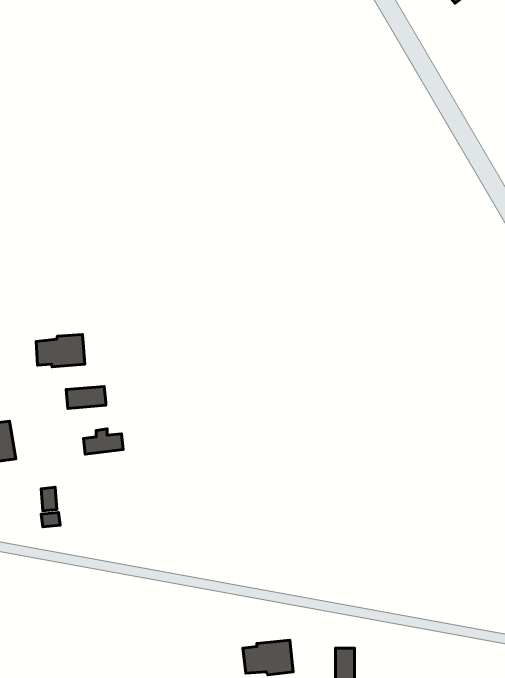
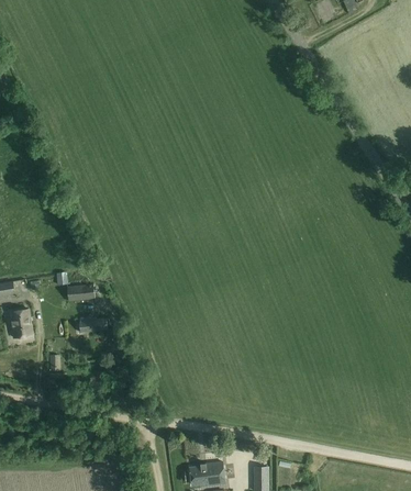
building: [36,335,85,367] -> none

